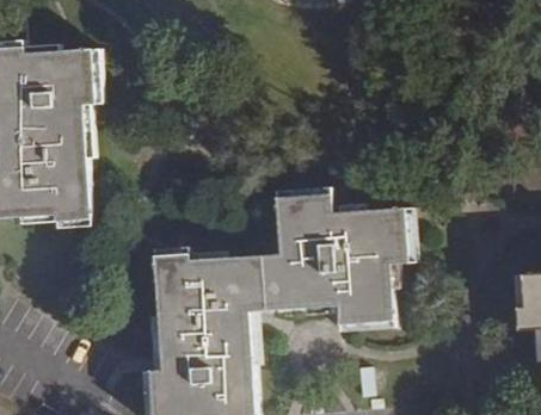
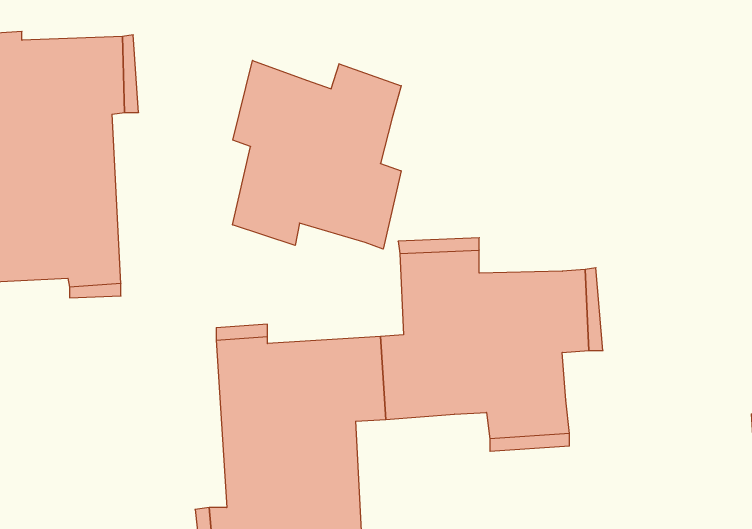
building: none -> [233,60,401,249]

